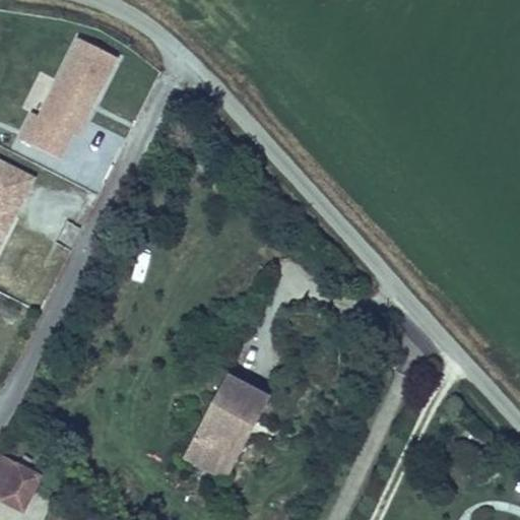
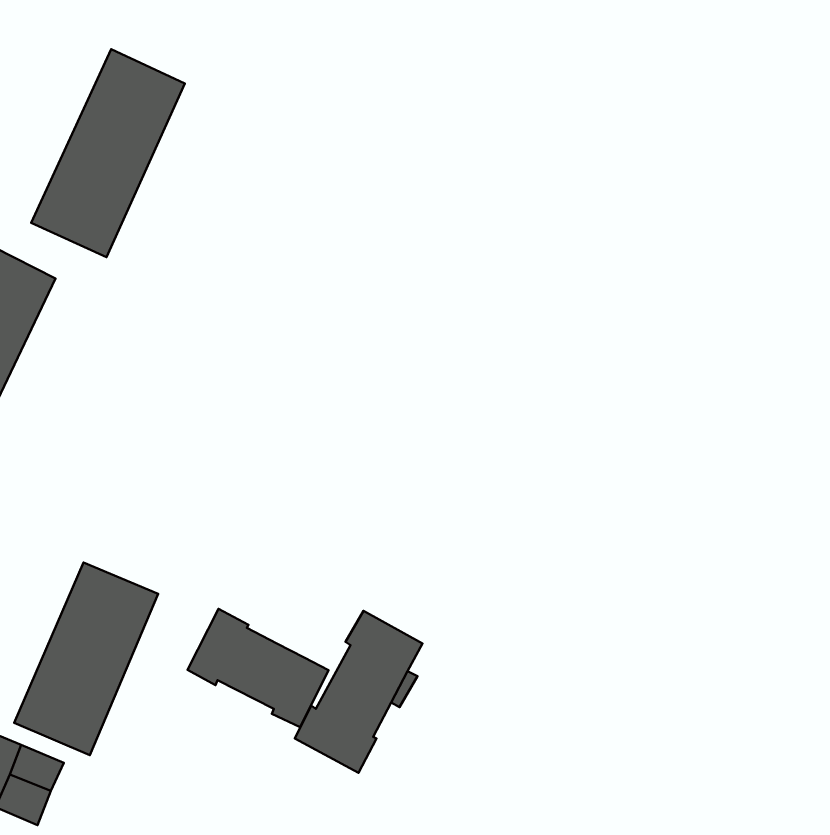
building: none -> [14,562,158,755]
building: none -> [187,609,328,727]

